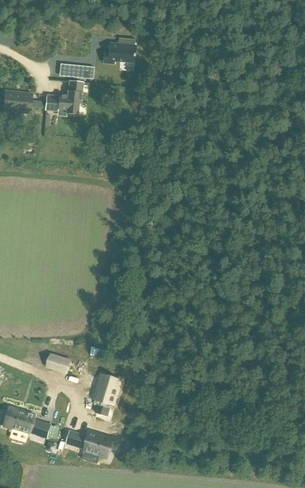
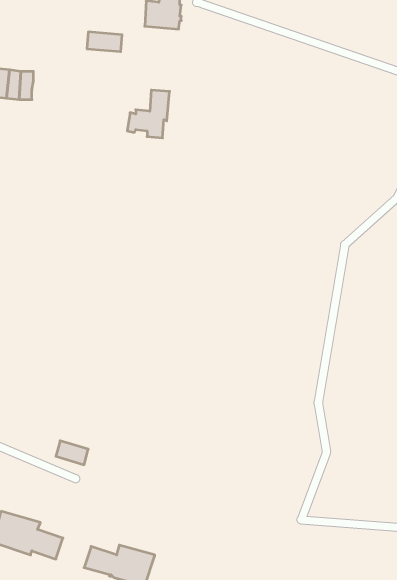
building: [50,81,80,115] -> [127,90,170,138]
building: [91,373,119,417] -> none

